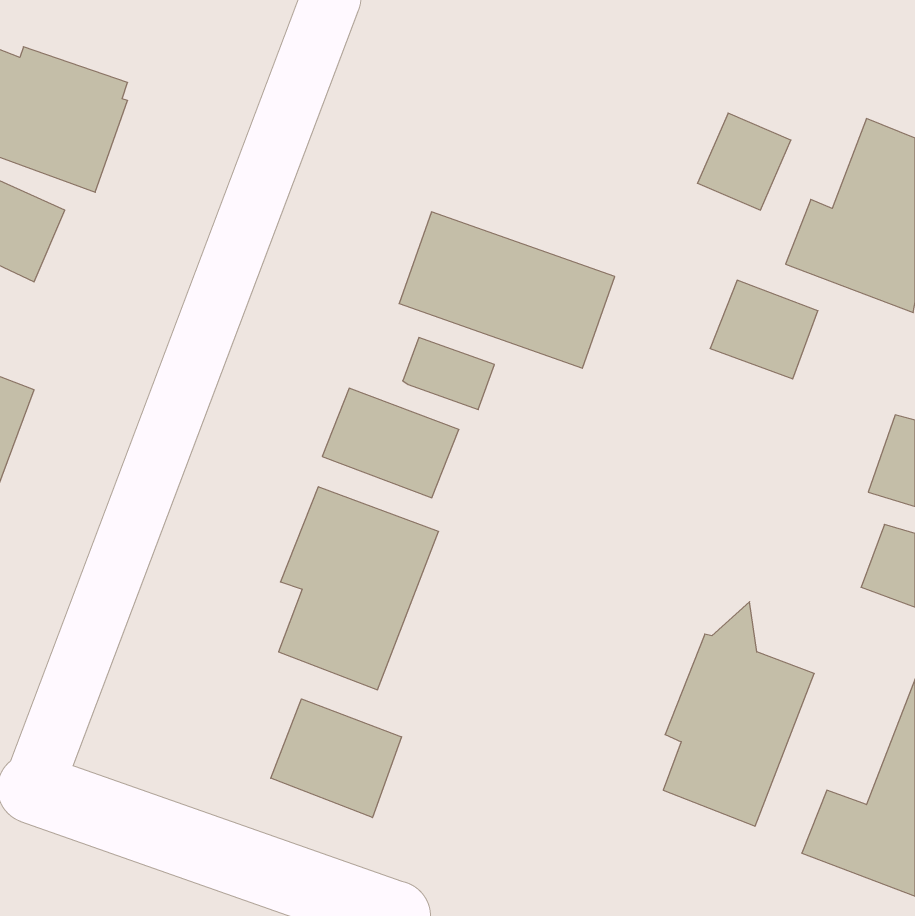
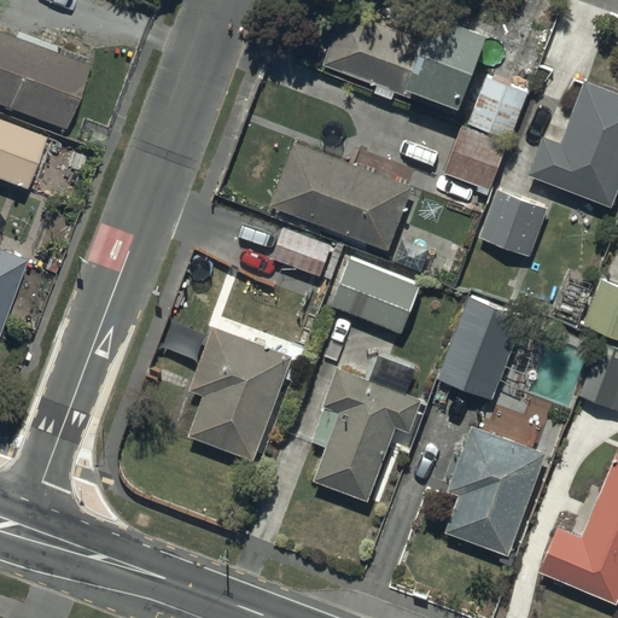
building: none -> [323,12,489,115]
building: none -> [443,129,507,190]
building: [322,388,459,498] -> [330,260,421,333]
building: none -> [438,295,526,401]
building: none -> [310,368,422,502]
building: [271,699,402,818] -> none

